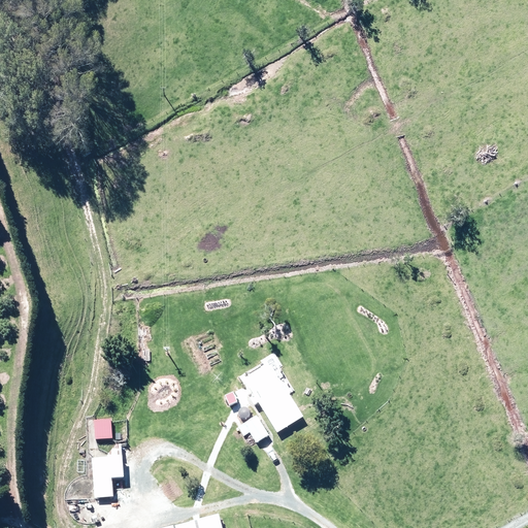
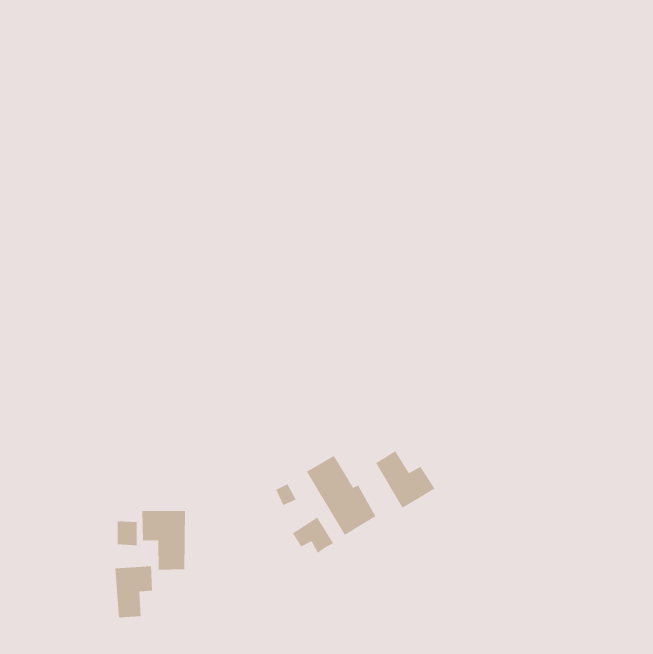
building: none -> [375,450,435,509]
building: none -> [142,510,186,570]

